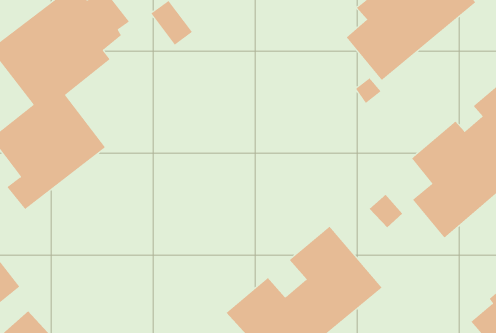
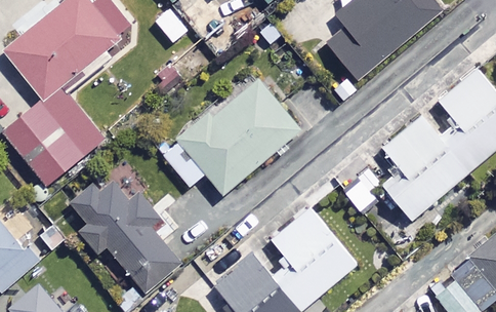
building: none -> [162,77,300,193]
building: none -> [69,170,178,294]

